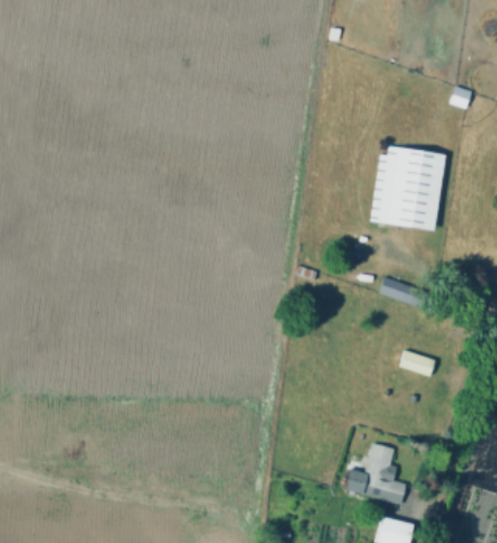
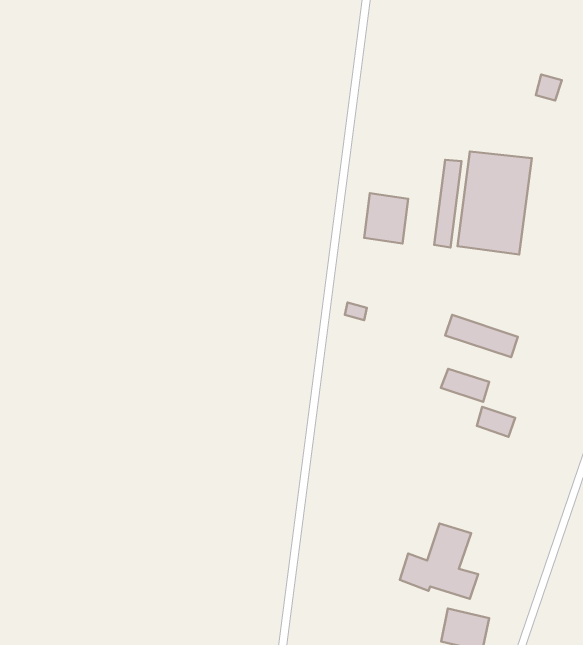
building: none -> [364,193,408,244]
building: none -> [441,369,489,402]

